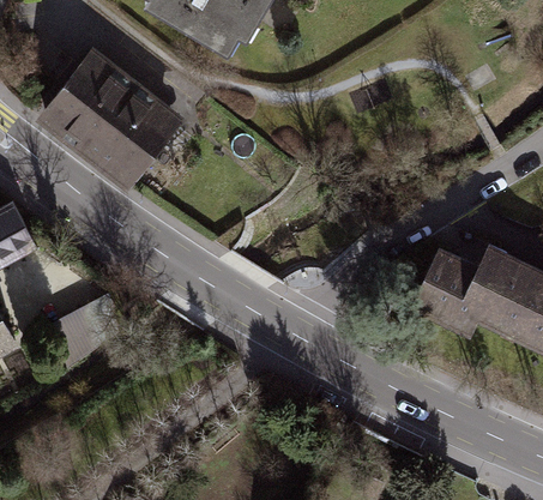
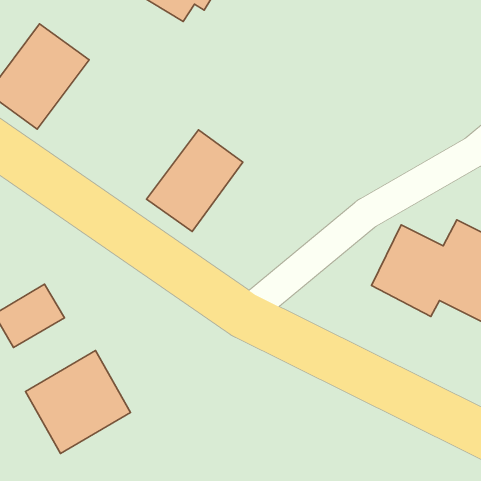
building: [86,89,180,187] -> [146,130,243,232]
building: none -> [26,351,131,454]

